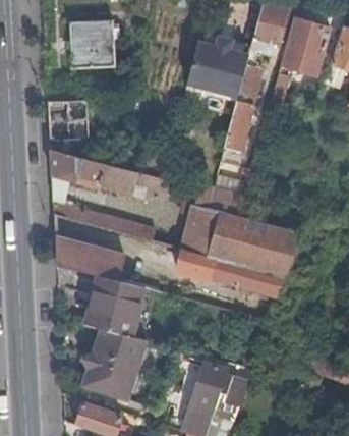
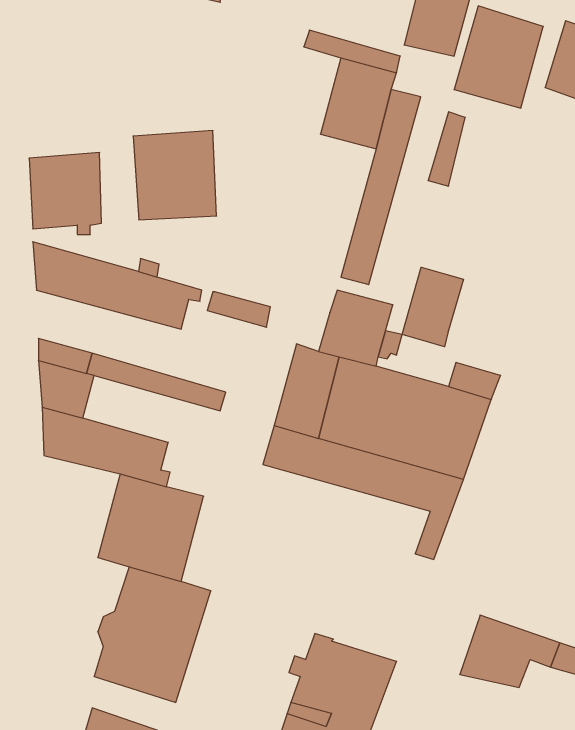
building: [69,19,115,68] -> [133,131,217,220]
building: [187,41,219,89] -> none
building: none -> [402,267,464,347]

